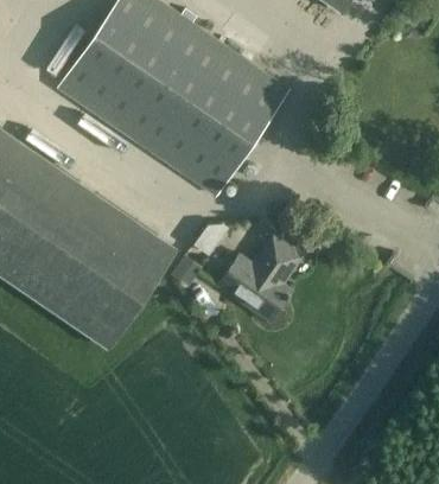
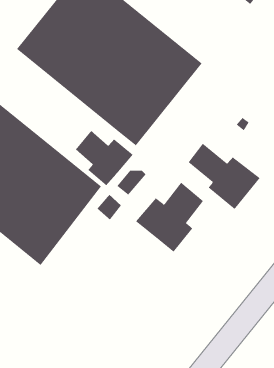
building: none -> [75,130,134,186]
building: none -> [188,143,260,210]

